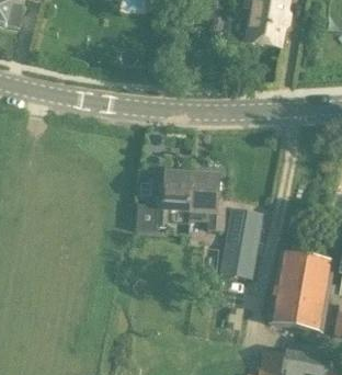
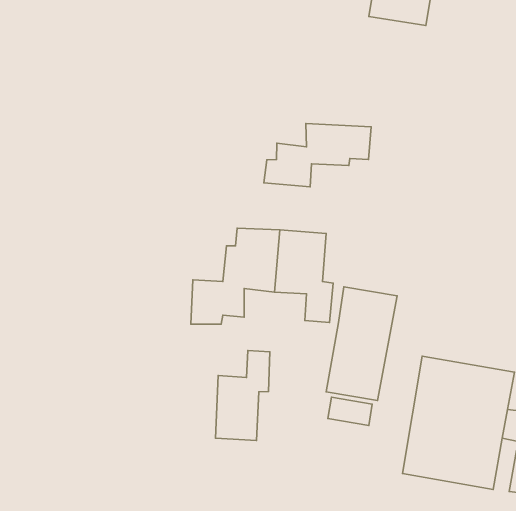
building: none -> [264,123,371,187]
building: none -> [216,351,270,440]

